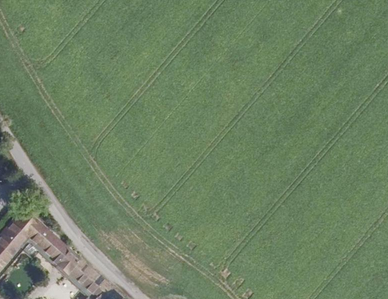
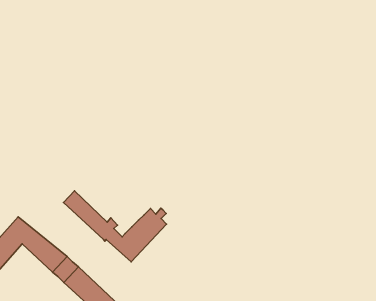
building: none -> [63,191,166,262]

